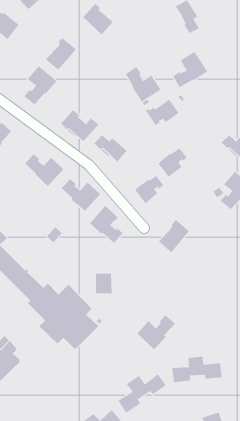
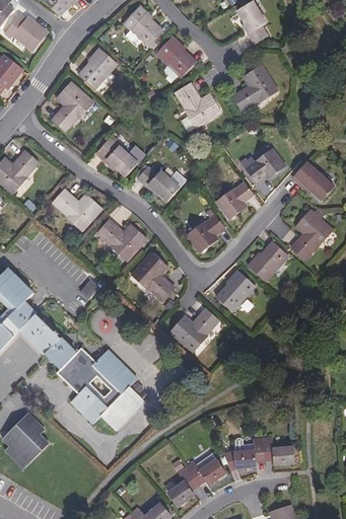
building: none -> [156,36,195,76]
building: [145,99,180,126] -> [241,148,284,181]
building: none -> [247,241,288,282]
building: [137,314,176,350] -> [170,308,218,352]

